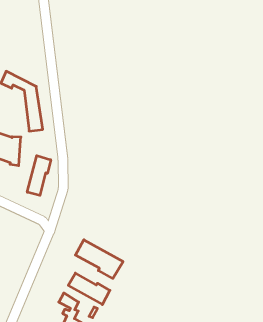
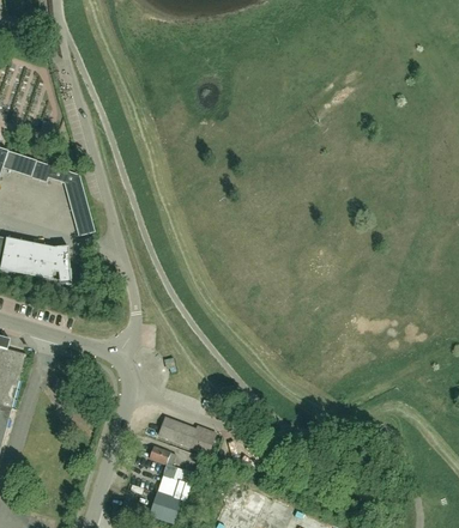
building: [27,156,51,195] -> none
building: [75,240,123,278] -> none

